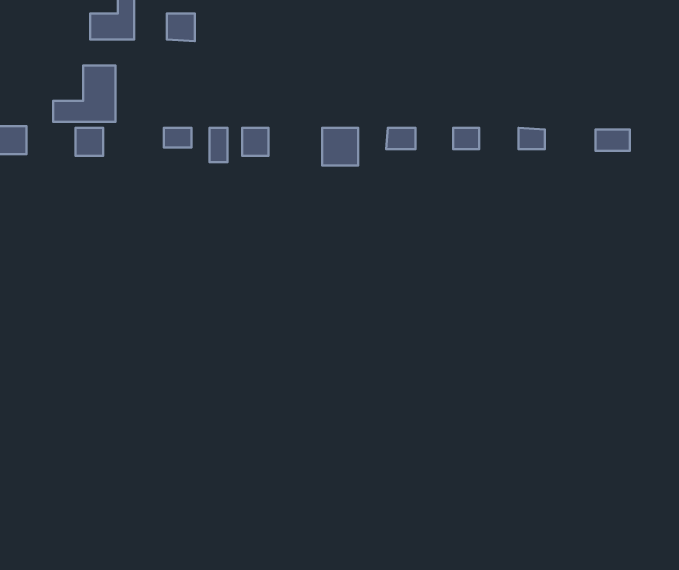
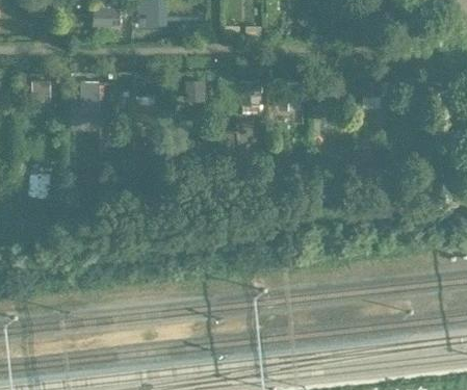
building: [53,66,116,122] -> none

